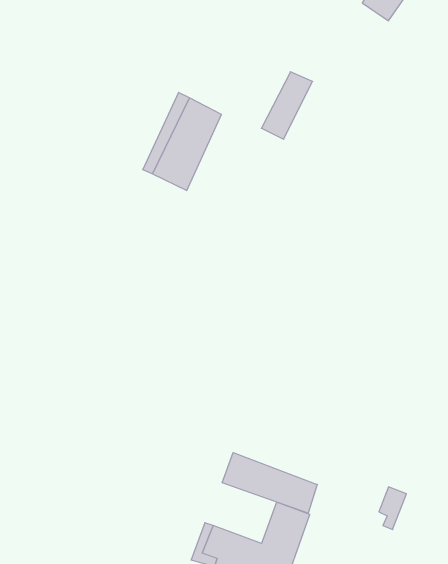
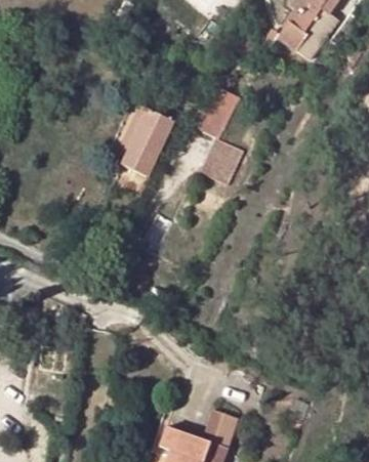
building: none -> [203,139,243,184]
building: [222,453,317,513] -> none

